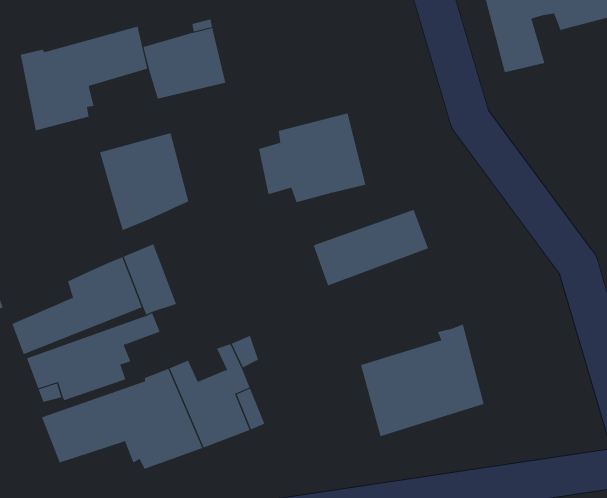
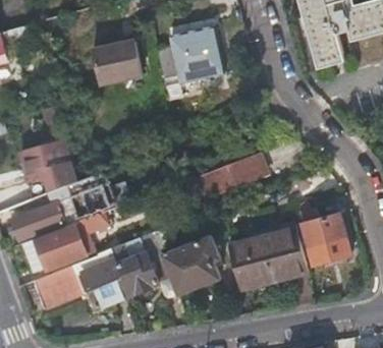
building: [20,26,148,131] -> none
building: [258,113,366,203] -> [160,27,227,83]
building: [99,133,189,231] -> [14,142,70,204]
building: none -> [300,210,350,264]
building: none -> [162,239,226,301]

